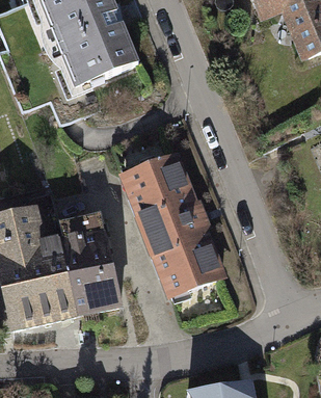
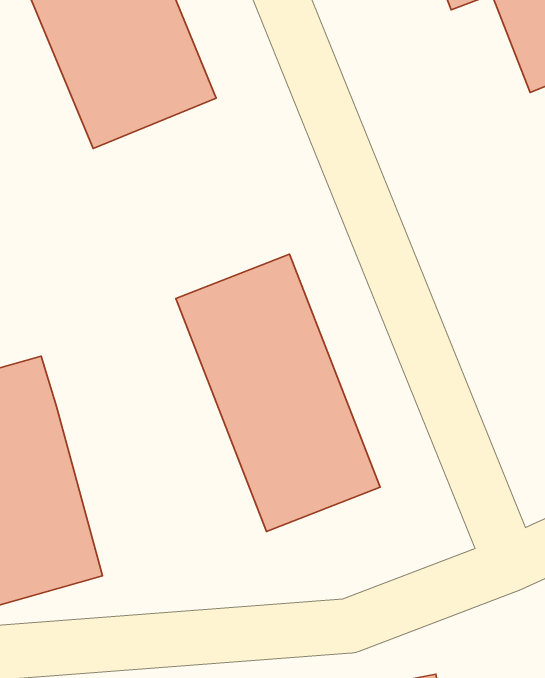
building: [50,213,129,321] -> none

